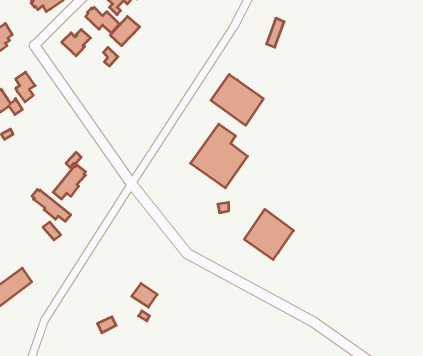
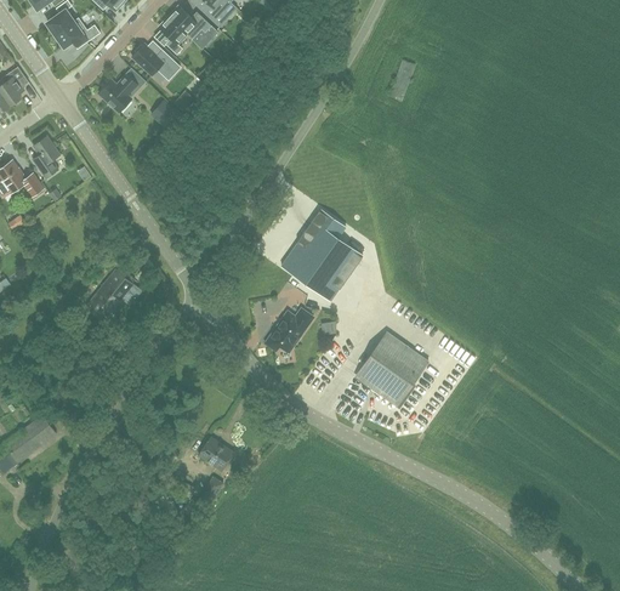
building: [110,16,140,46] -> none
building: [211,74,263,125] -> none
building: [32,189,71,221] -> none
building: none -> [266,308,312,350]

